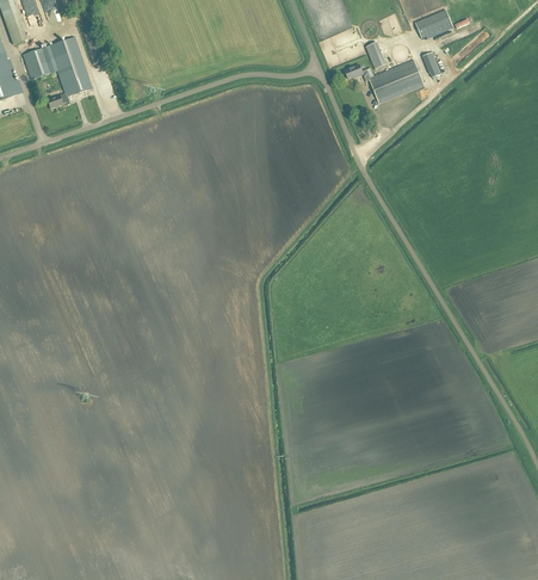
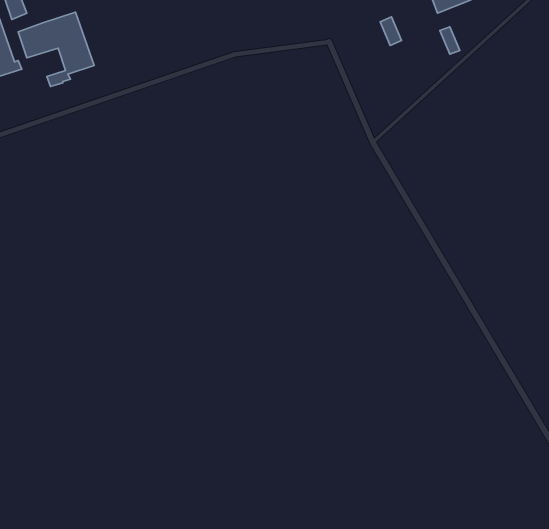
building: [344,58,423,101] -> none

